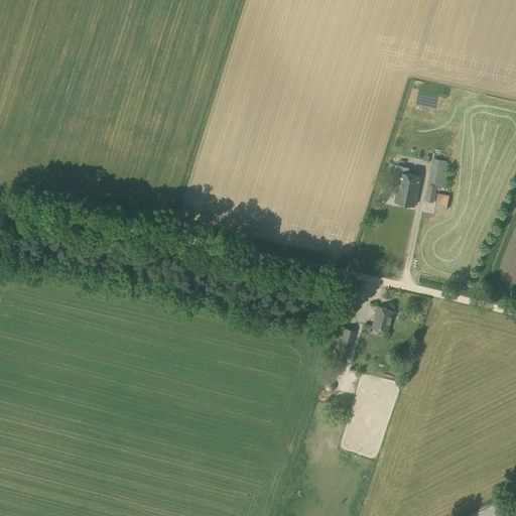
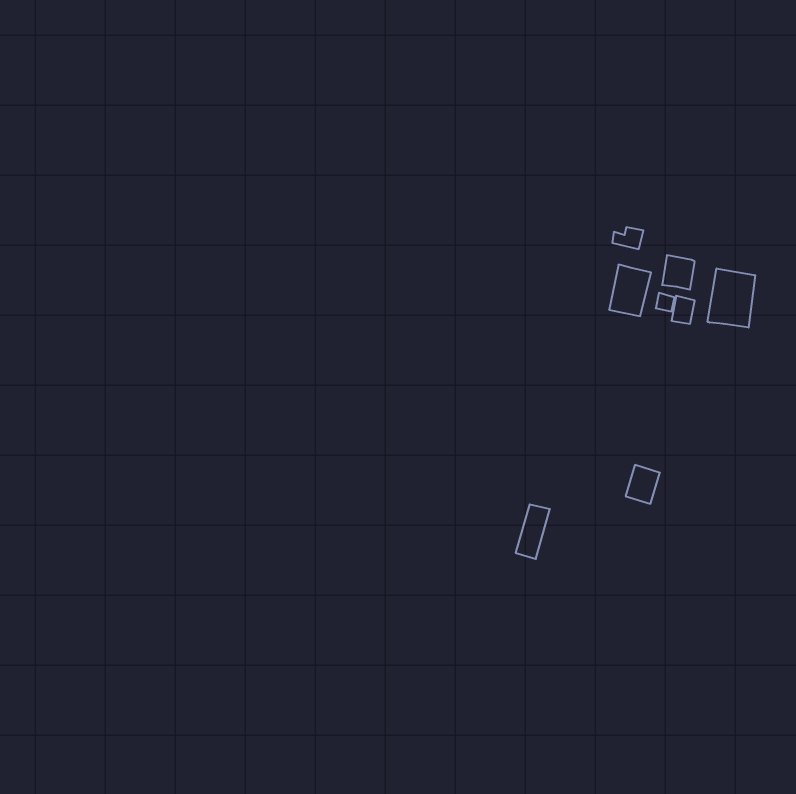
building: none -> [708,268,755,328]
building: [372,305,394,331] -> [626,465,660,504]

